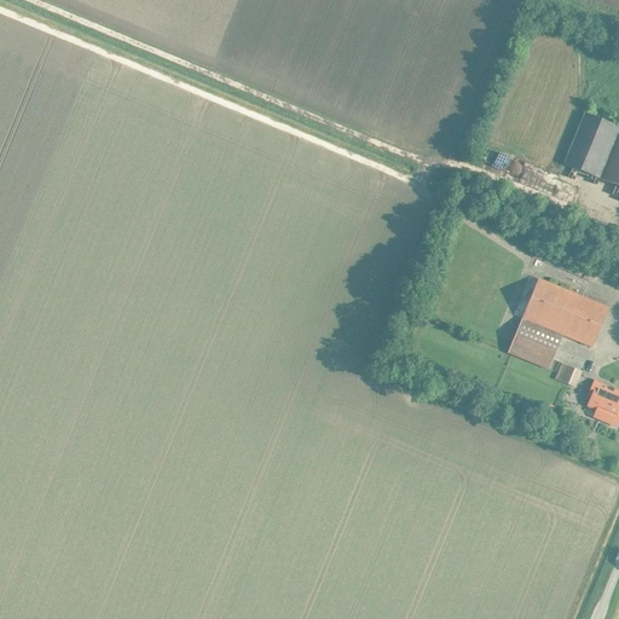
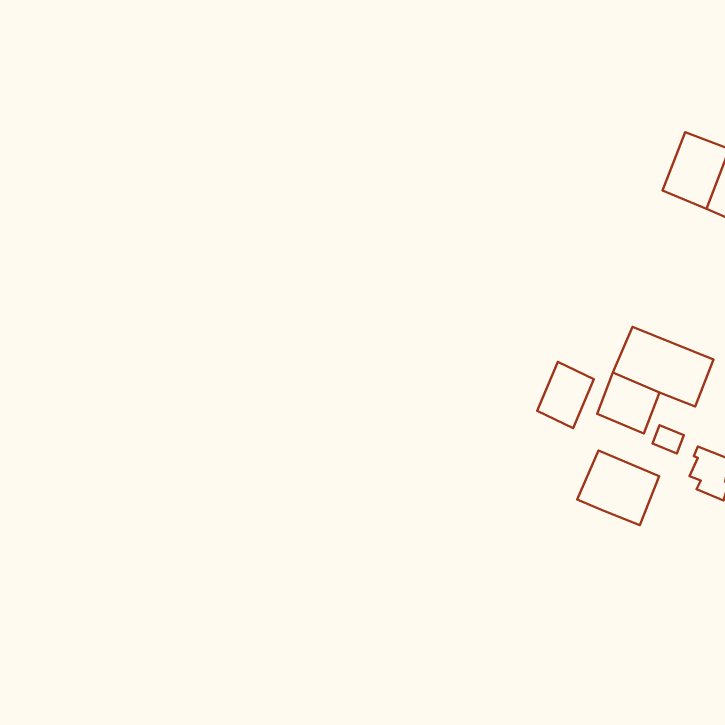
building: none -> [537,362,594,428]
building: none -> [577,450,659,525]

